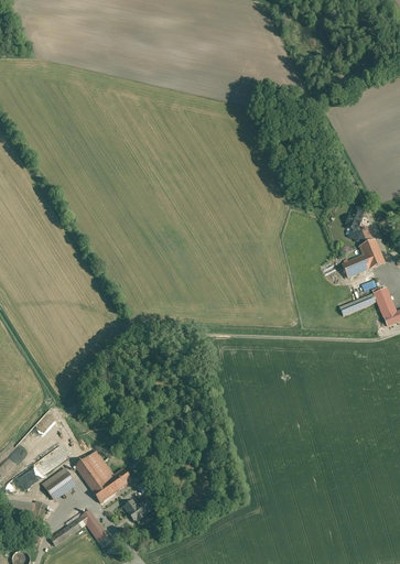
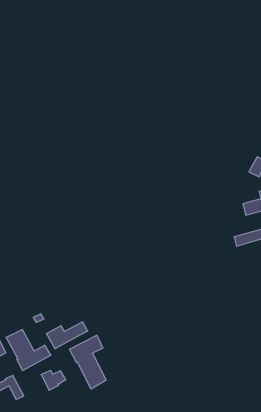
building: none -> [47,322,88,349]
building: none -> [70,335,106,389]

